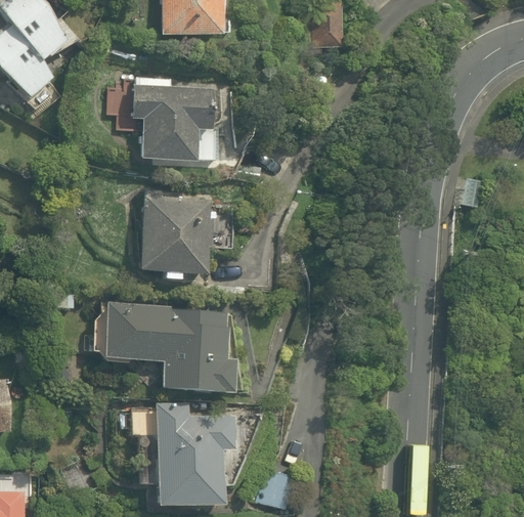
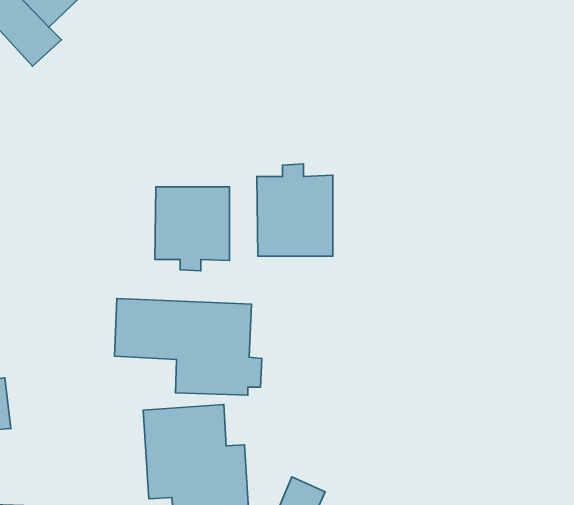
building: [128,83,218,159] -> none
building: none -> [257,164,333,256]

